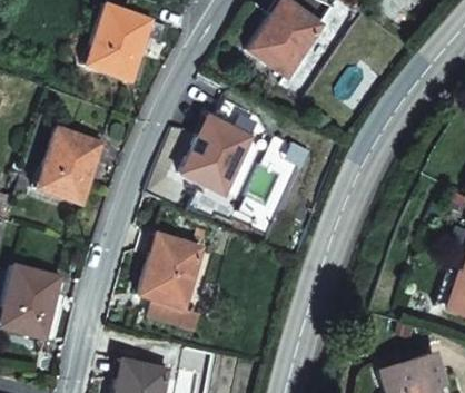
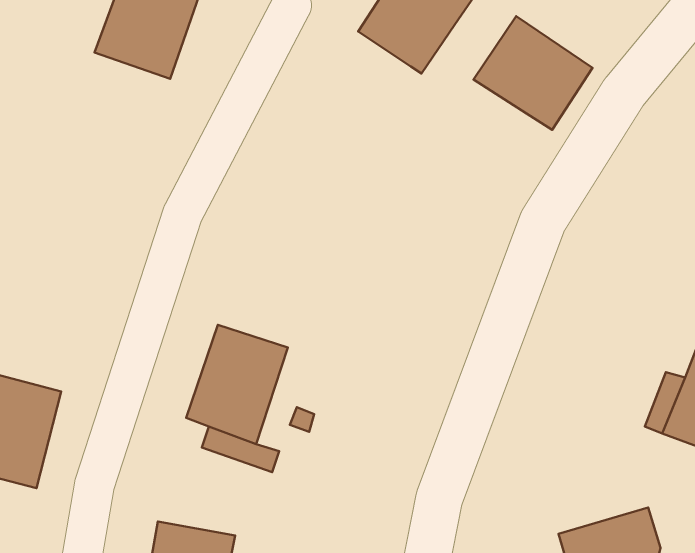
building: none -> [474,16,592,130]
building: [182,117,254,194] -> none
building: [37,130,103,207] -> none

